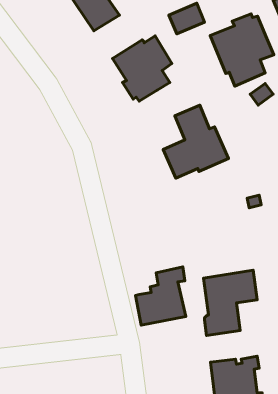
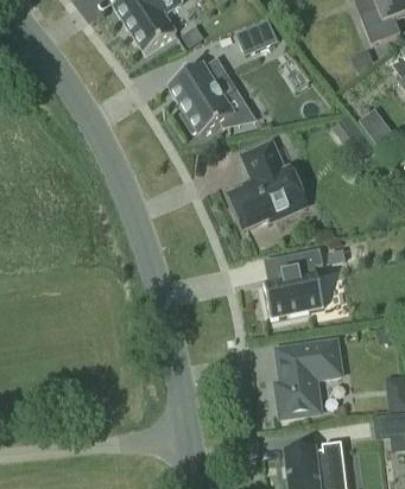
building: [210,14,274,86] -> none
building: [135,267,186,325] -> [264,246,324,316]

